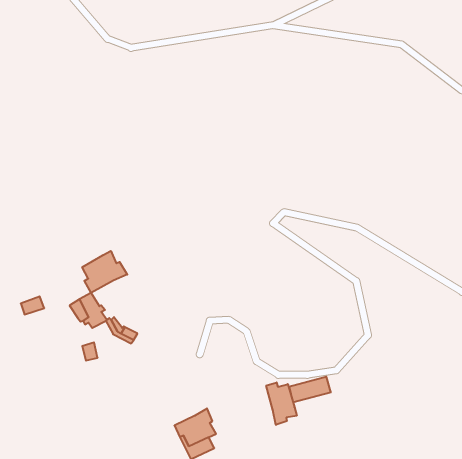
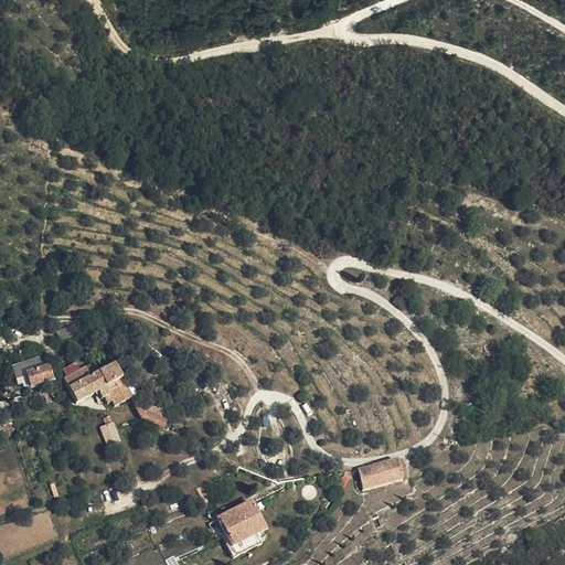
building: [82,251,127,293] -> none
building: none -> [65,369,95,397]
building: [266,382,297,425] -> none

